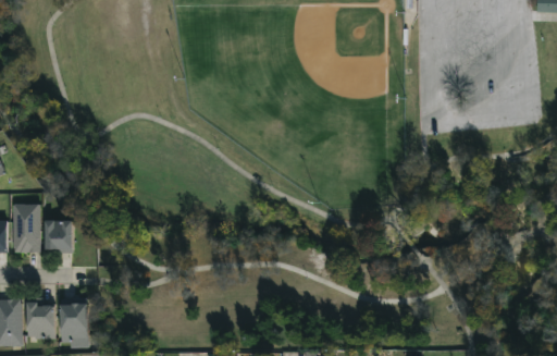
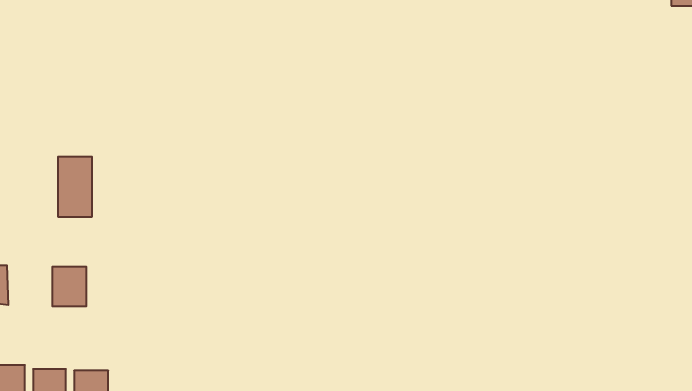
building: [13,204,40,251] -> [58,157,92,217]

